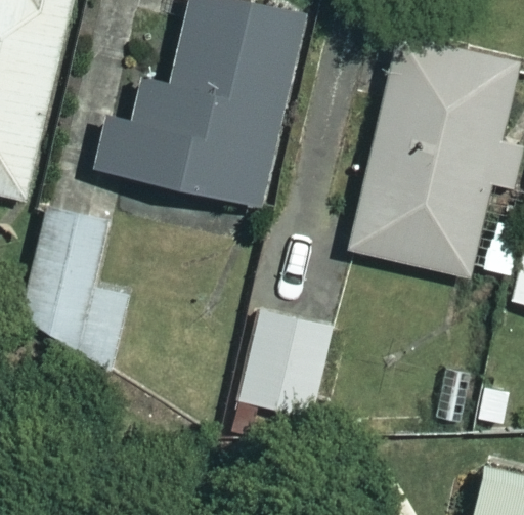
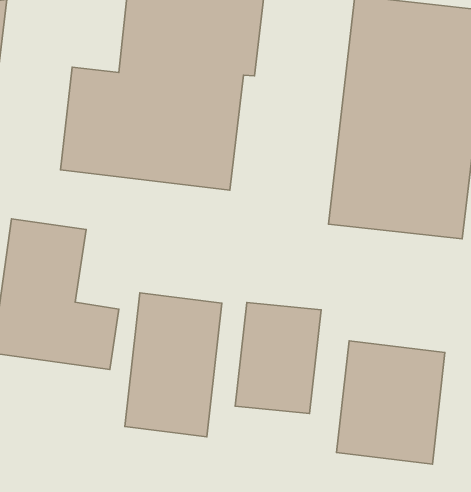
building: none -> [125,293,222,437]
building: none -> [337,341,445,464]

